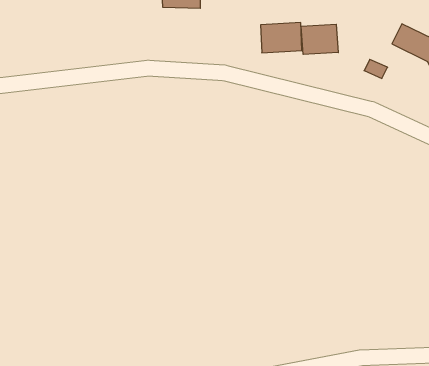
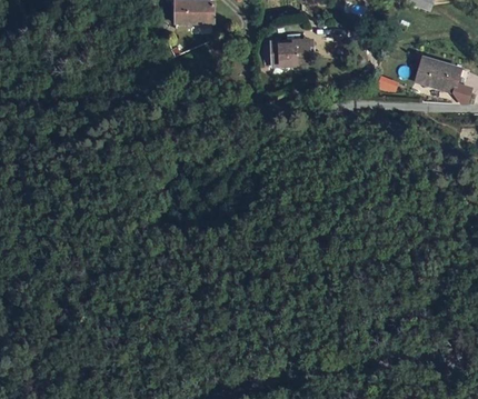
building: [301,24,338,54] -> none

